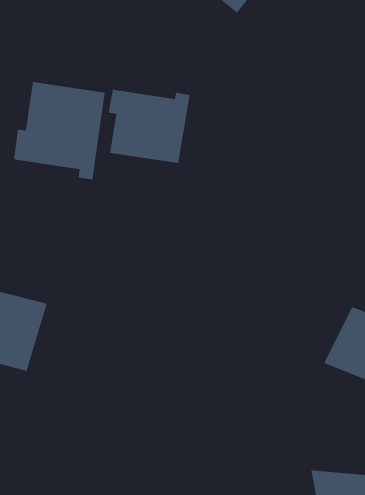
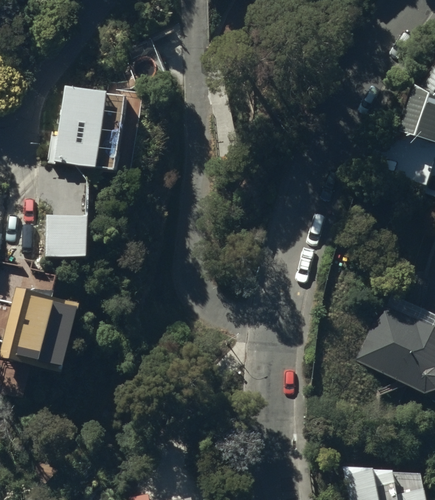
building: [108,89,190,164] -> none
building: none -> [45,215,87,255]

